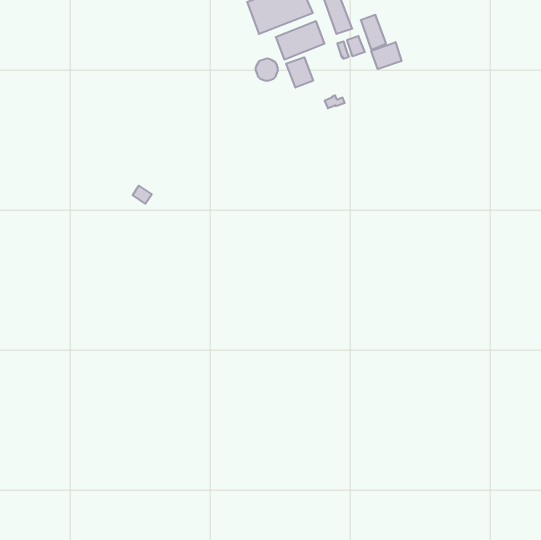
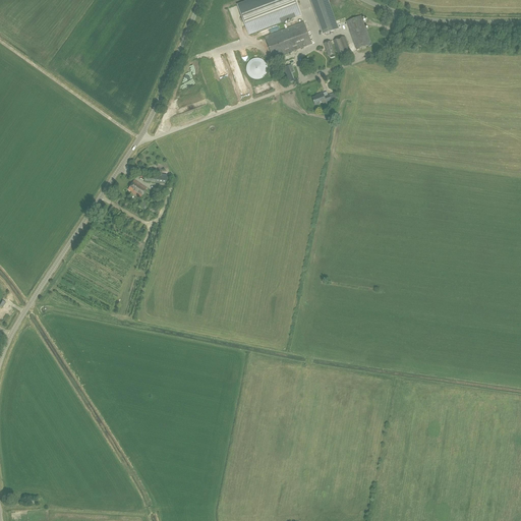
building: [371,42,401,69] -> none
building: [286,57,313,88] -> none

